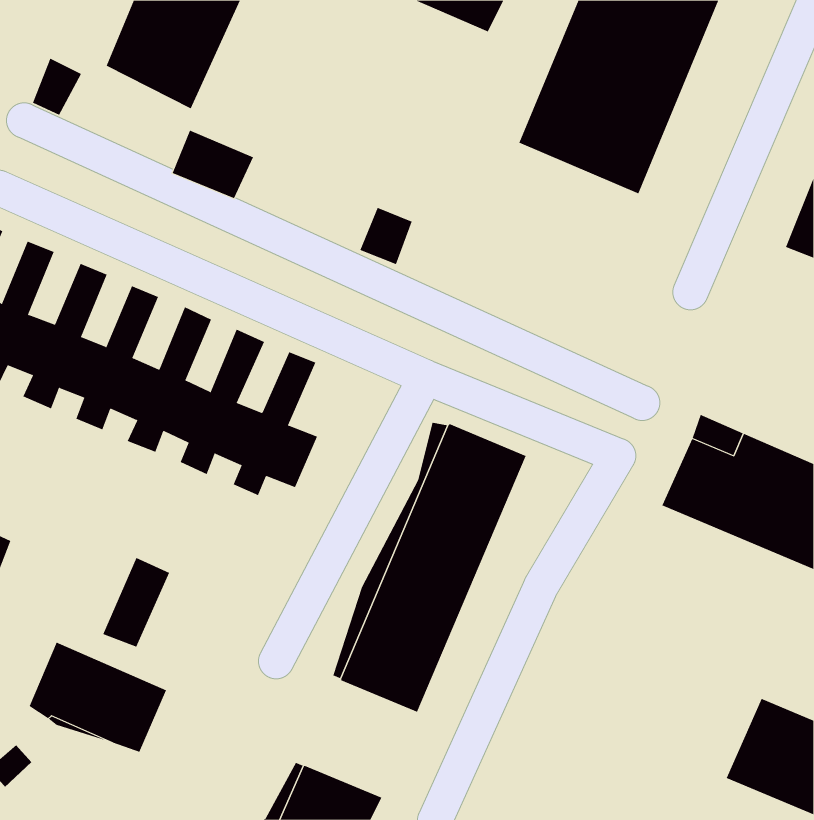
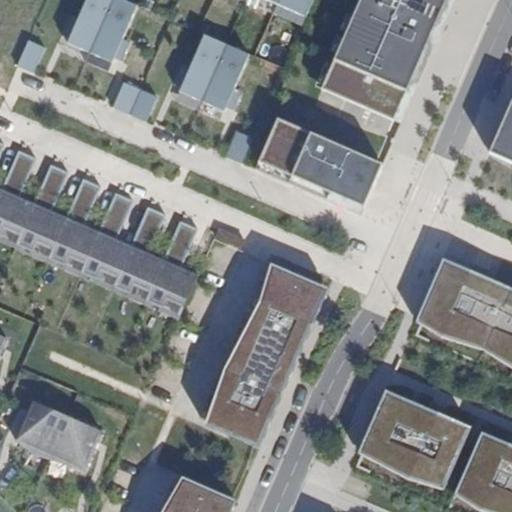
building: none -> [170,27,253,117]
building: none -> [252,120,378,208]
building: [102,557,170,647] -> none
building: none -> [356,393,460,479]

